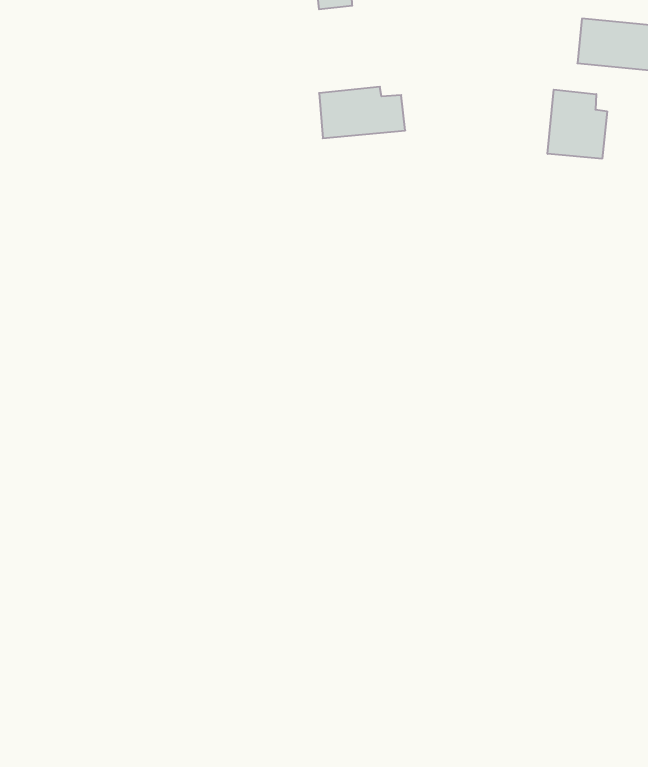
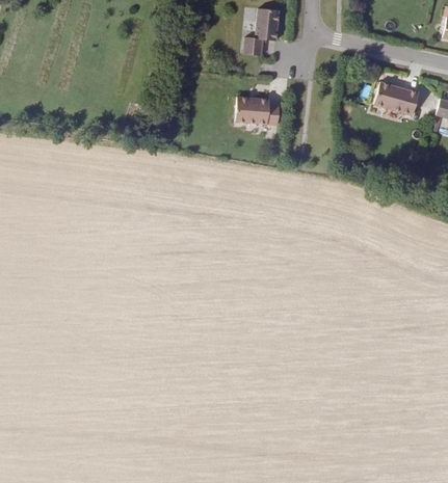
building: [548,90,607,159] -> none

